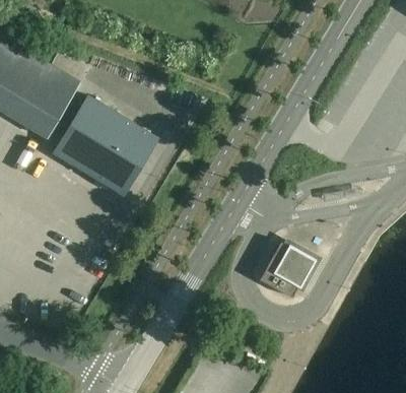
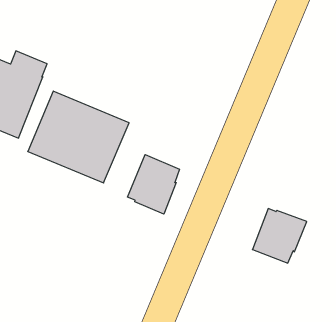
building: none -> [127,155,180,214]

